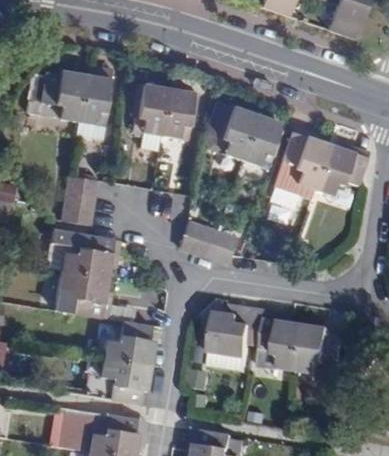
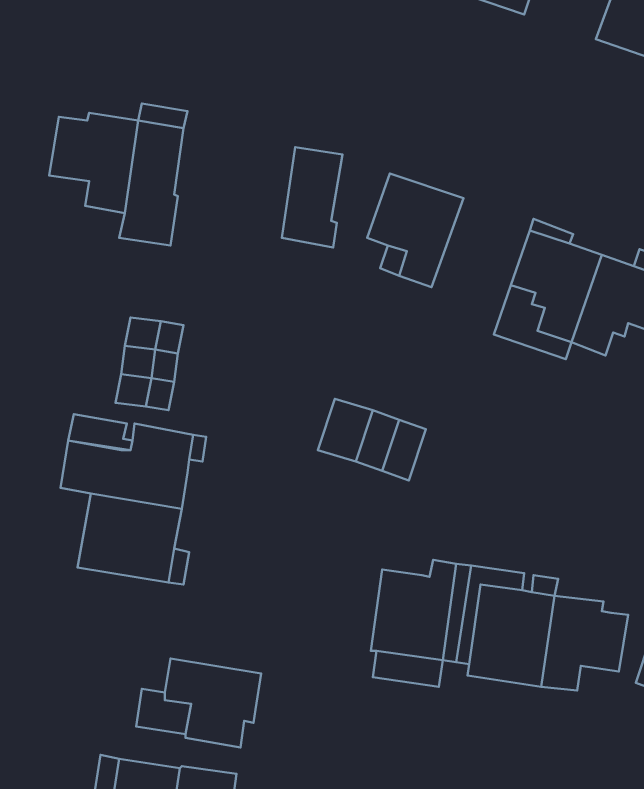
building: [129,83,168,150] -> none
building: [240,114,281,171] -> none
building: [102,320,154,365] -> none

